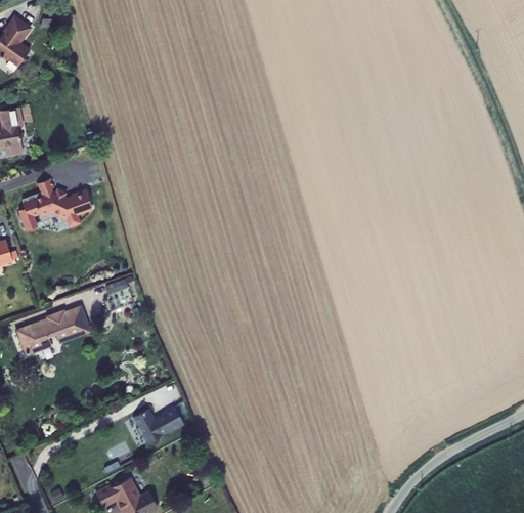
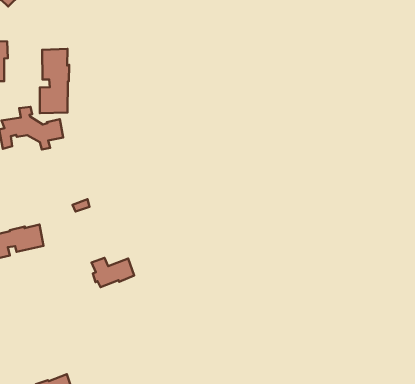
building: none -> [40,49,69,113]
building: [130,408,180,443] -> [91,258,134,287]

